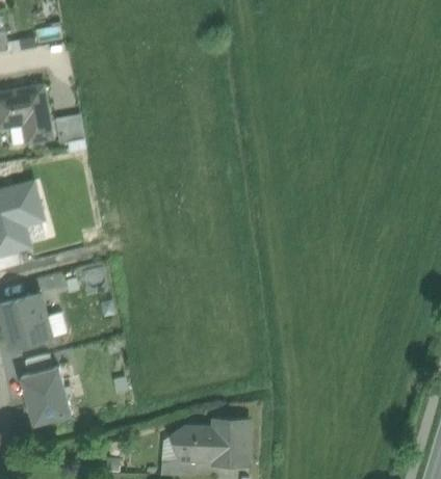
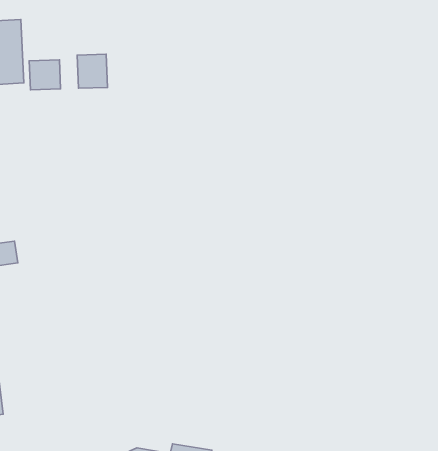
building: none -> [77,54,108,88]

